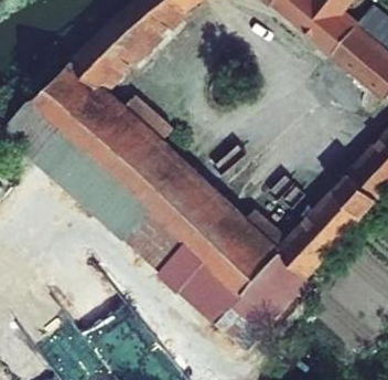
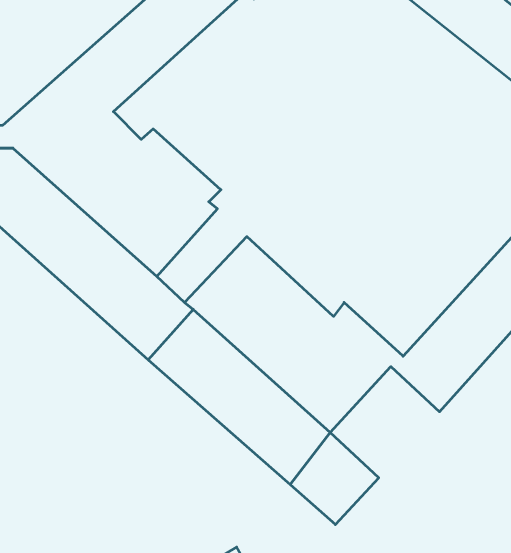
building: [129,147,186,207] -> none
building: [239,247,309,318] -> none

